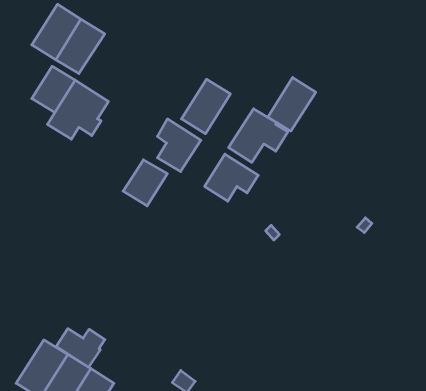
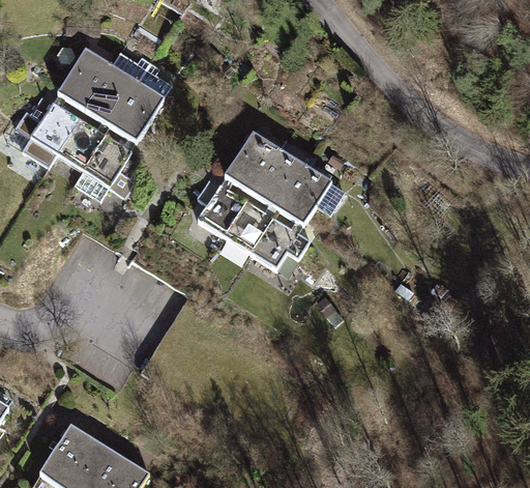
building: none -> [109,81,164,142]
building: none -> [29,93,79,153]
building: [268,77,316,131] -> [251,148,304,208]
building: [123,160,167,206] -> [223,200,272,252]
building: [56,329,105,367] -> none

